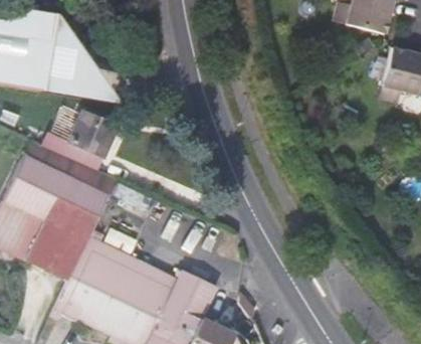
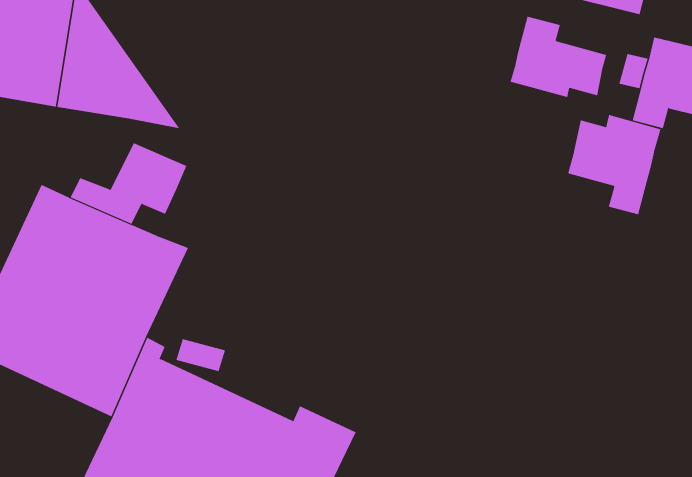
building: none -> [510,16,607,98]
building: none -> [568,114,661,215]

